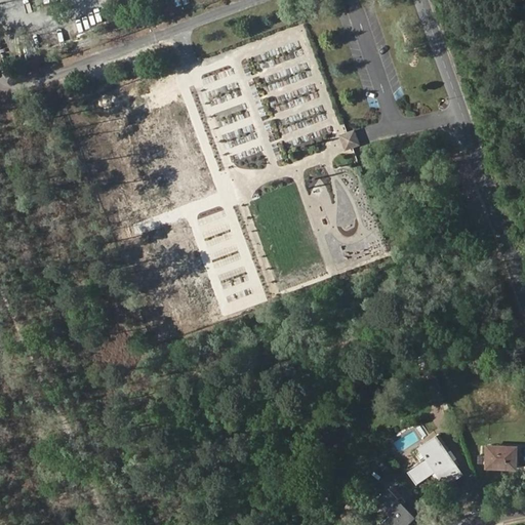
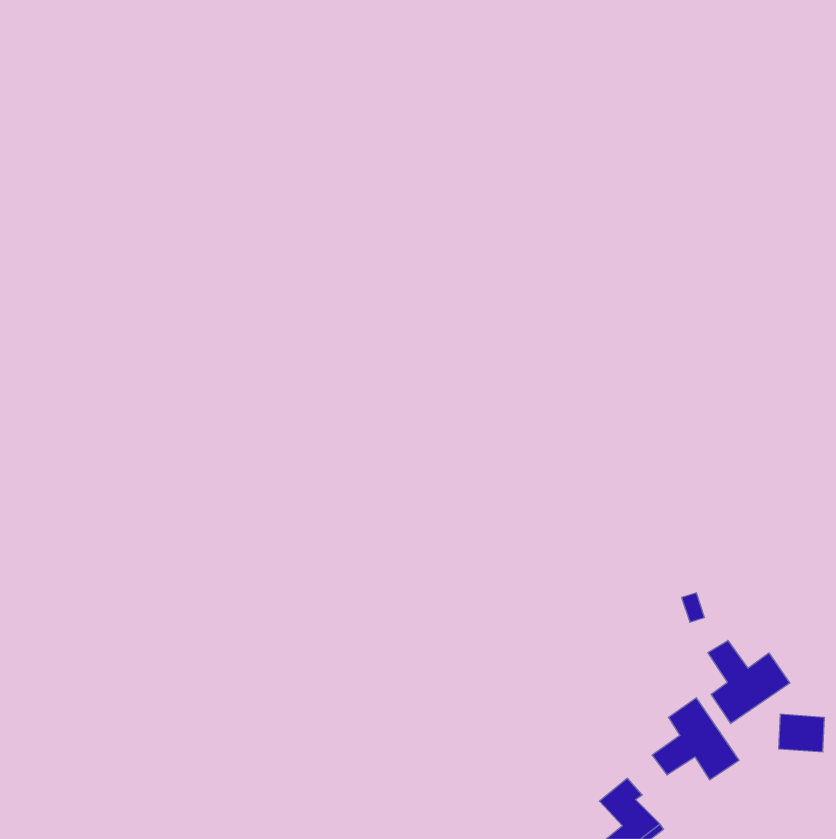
building: none -> [708,640,790,724]

